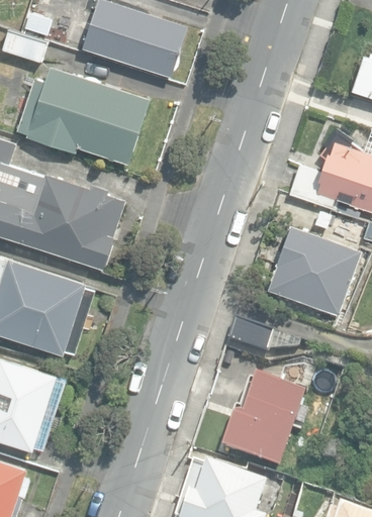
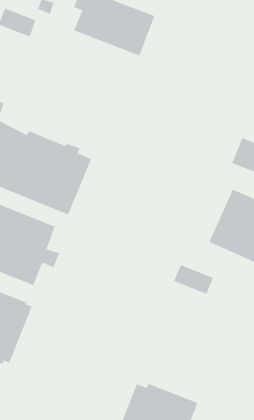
building: [16,67,150,166] -> none
building: [221,376,306,469] -> none

